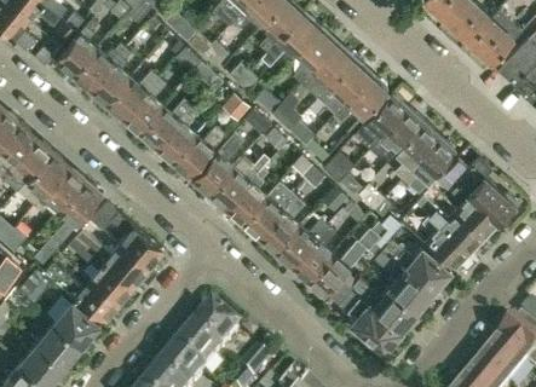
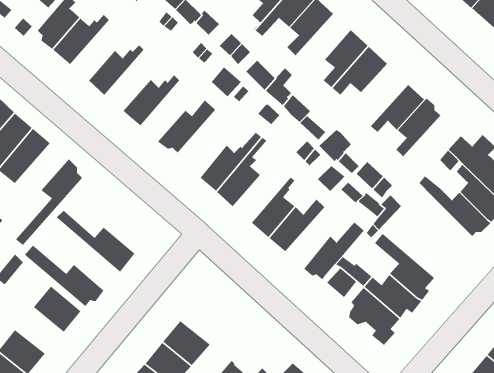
building: [301,45,353,99] -> none
building: [88,51,131,108] -> none
building: [121,79,165,137] -> none
building: [355,97,408,151] -> none
building: [155,108,197,166] -> none
building: [194,133,244,200] -> none
building: [403,140,455,186] -> none
building: [36,167,87,212] -> none
building: [242,183,296,242] -> none
building: [91,203,162,271] -> none
building: [421,216,468,270] -> none
building: [292,227,335,285] -> none
building: [69,237,136,306] -> none
building: [384,241,453,296] -> none
building: [192,312,240,357] -> none
building: [36,322,82,365] -> none

